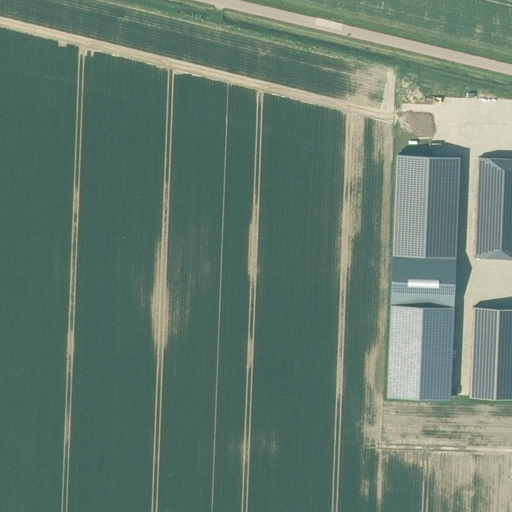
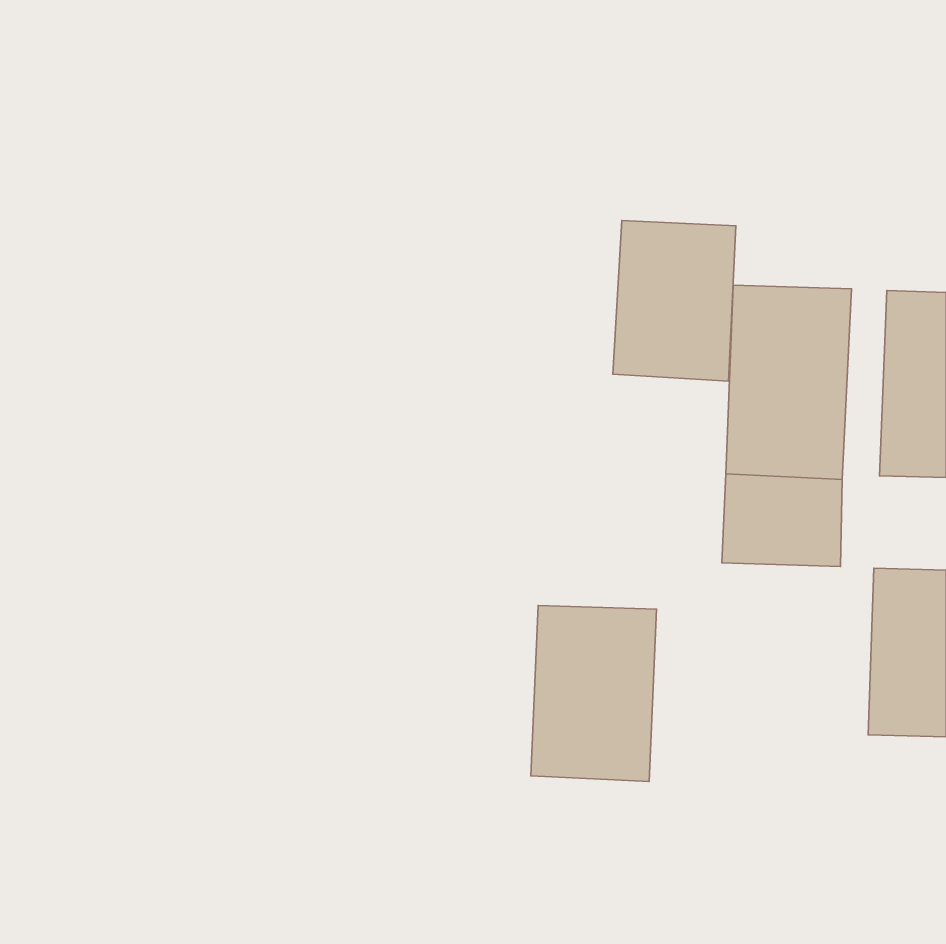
building: none -> [613,221,736,381]
building: [386,305,454,400] -> [531,606,657,781]

